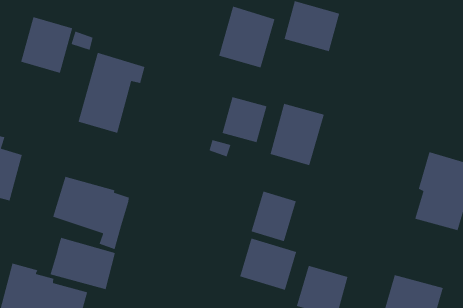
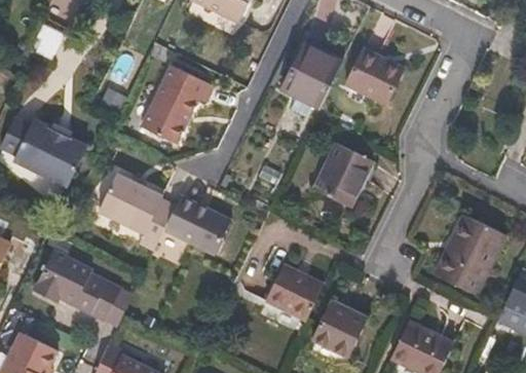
building: [20,16,73,74] -> none
building: [222,96,267,143] -> none
building: [251,191,297,242] -> none
building: [50,237,116,290] -> [163,198,229,256]

